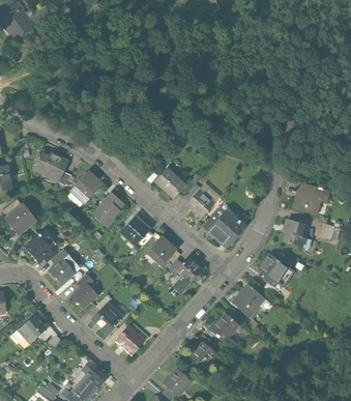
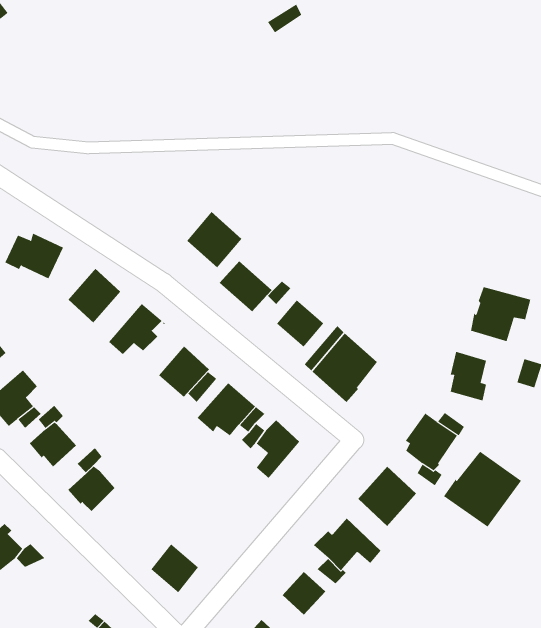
building: none -> [186,211,242,268]
building: none -> [443,451,522,527]
building: [91,304,120,334] -> none

